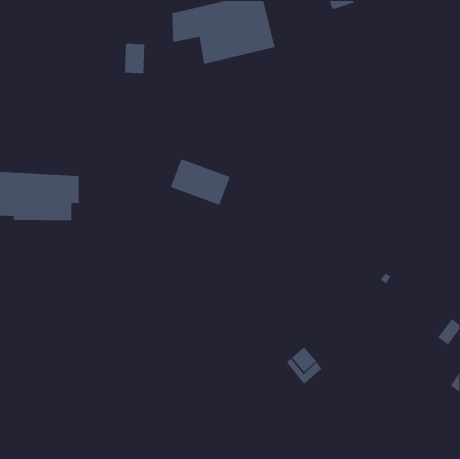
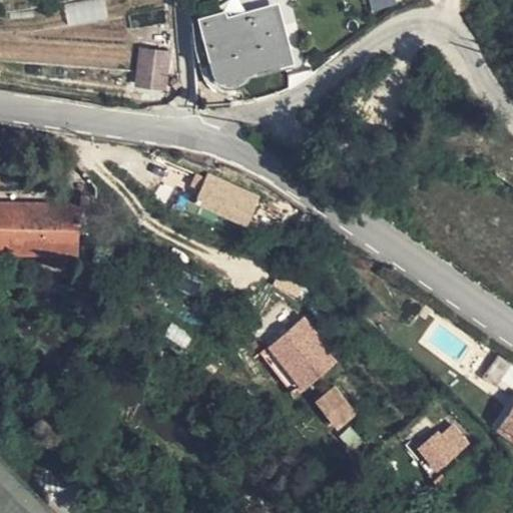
building: none -> [261,323,332,397]
building: none -> [419,426,468,467]

